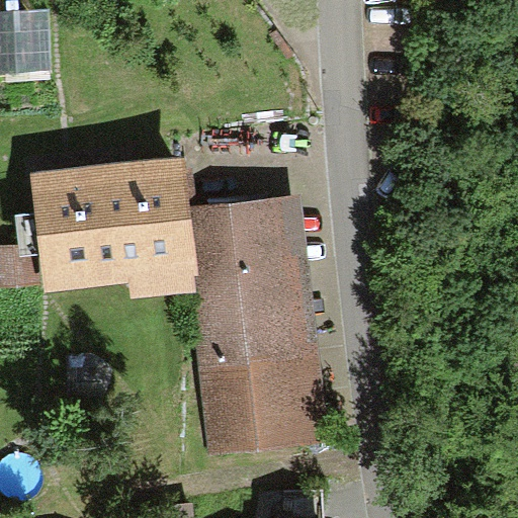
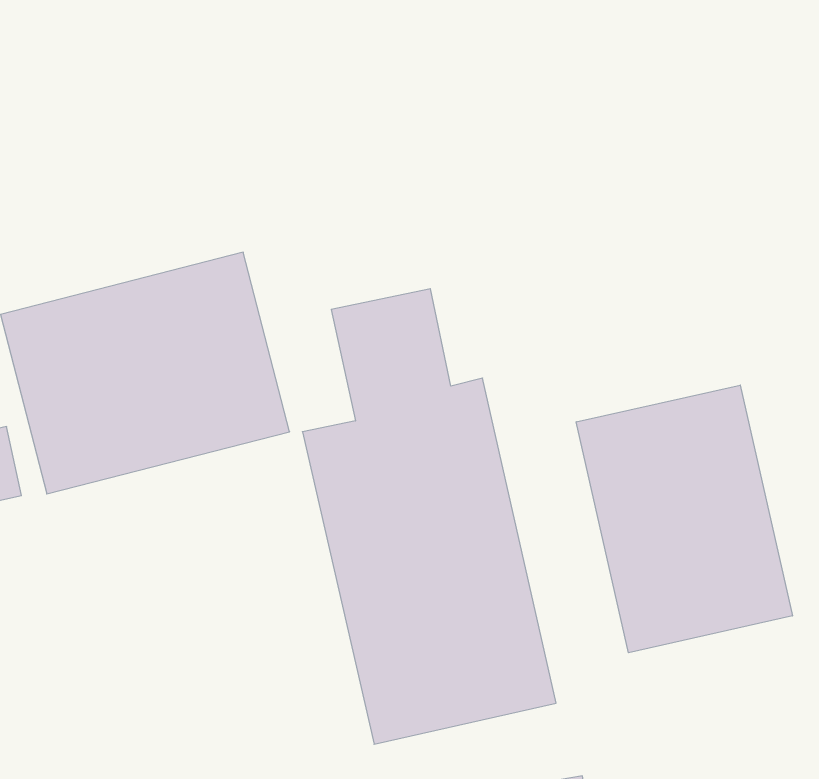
building: none -> [576,385,792,653]

